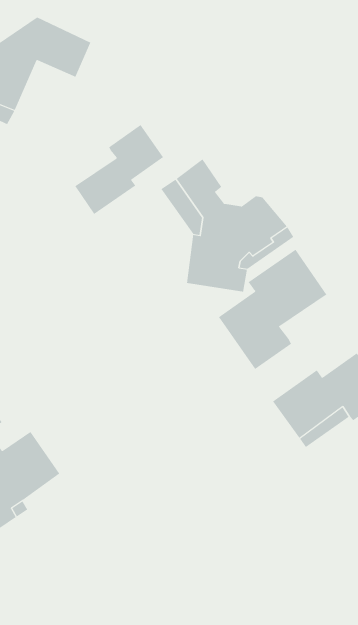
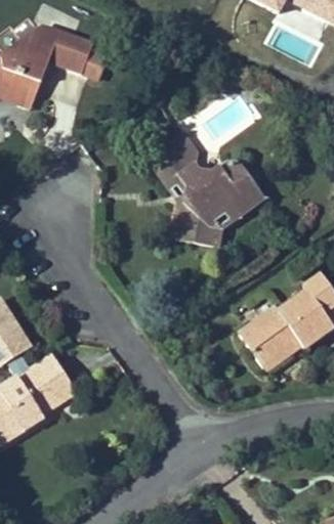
building: [75,124,164,215] -> none
building: [218,249,327,370] -> none

